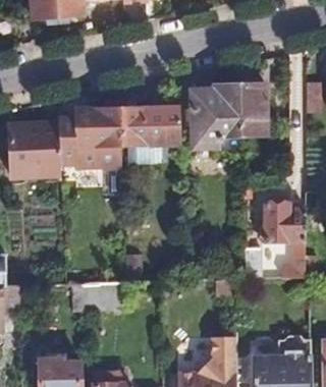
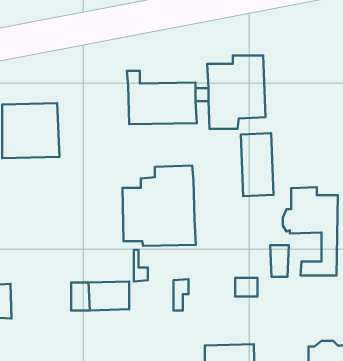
building: [239,82,268,137] -> [241,133,274,196]
building: [59,97,123,167] -> [122,166,196,246]

